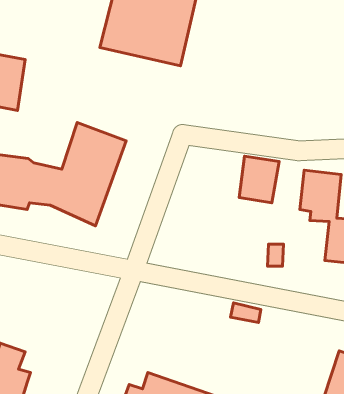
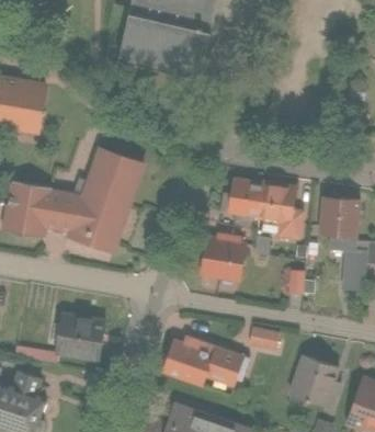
building: none -> [221,174,264,221]
building: none -> [198,242,245,287]
building: none -> [48,309,111,364]
building: none -> [169,334,251,387]
building: none -> [287,353,341,410]

